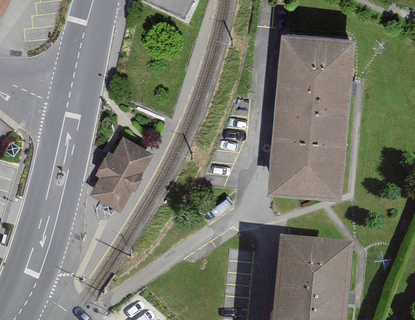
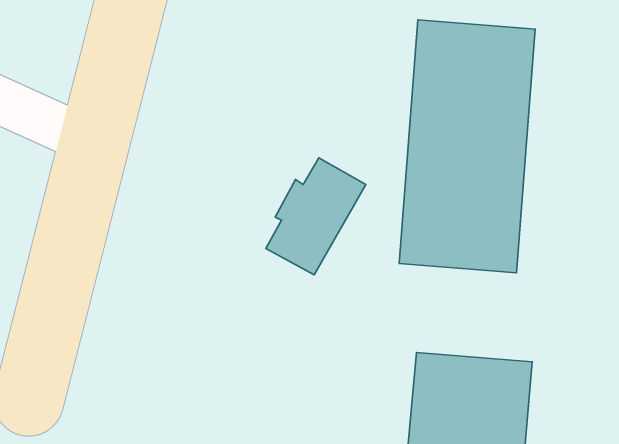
building: [88,139,152,214] -> [266,158,366,275]

